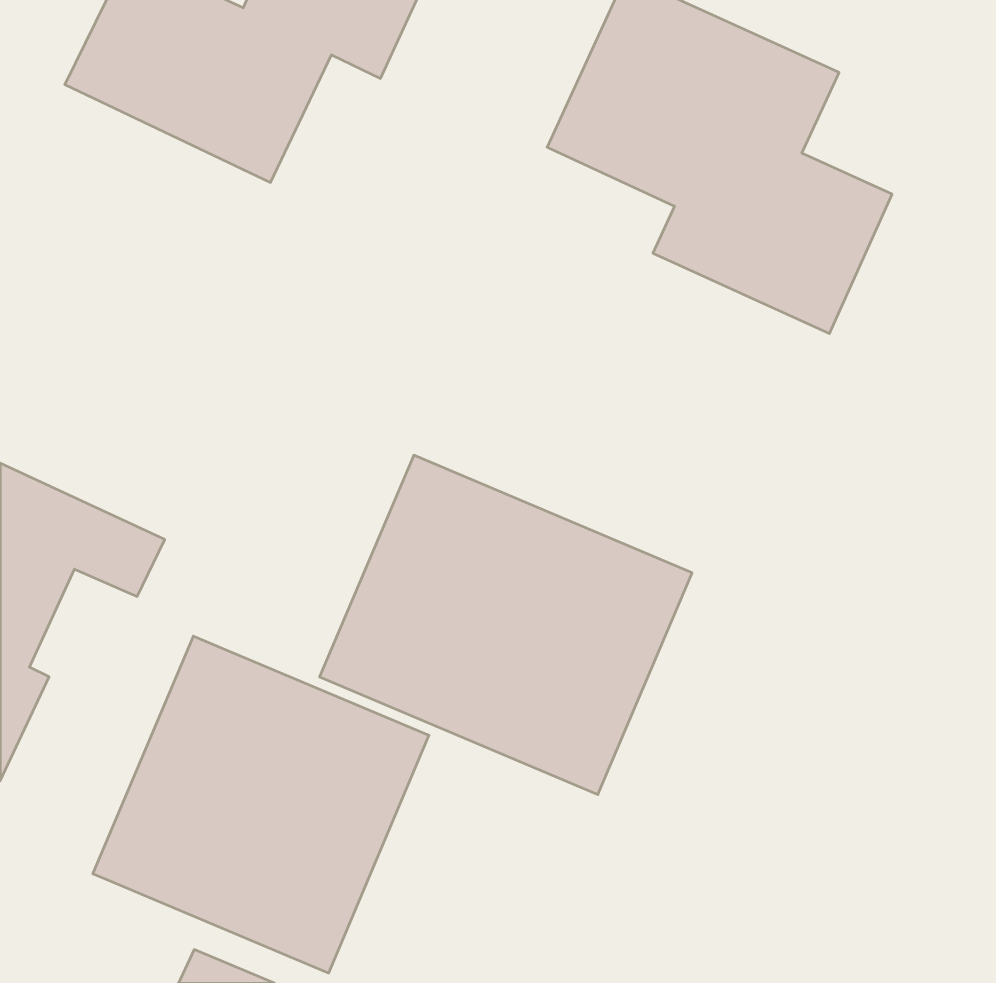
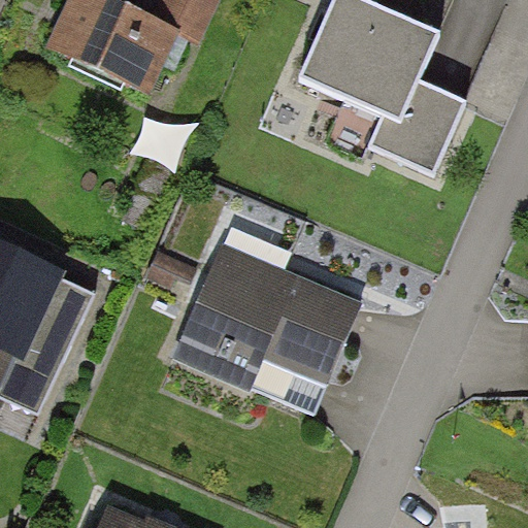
building: [93,636,429,973] -> none

